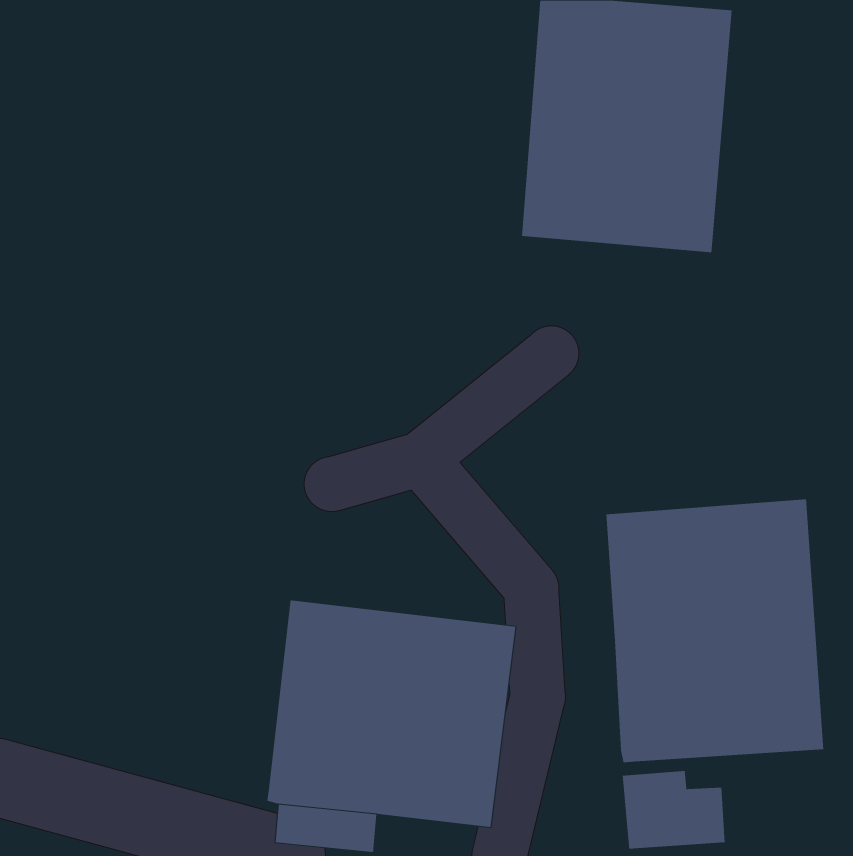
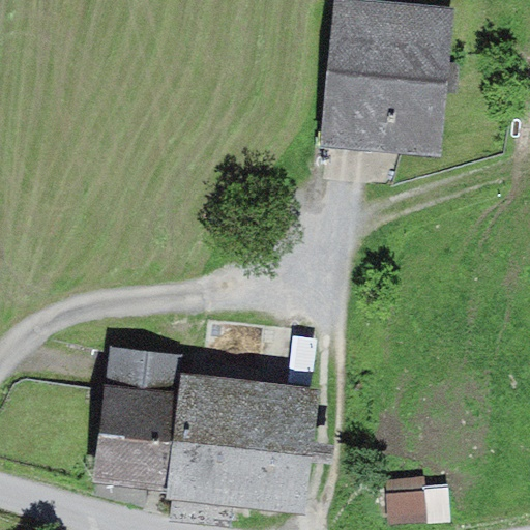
building: [606,498,824,763] -> none
building: none -> [93,346,181,488]

